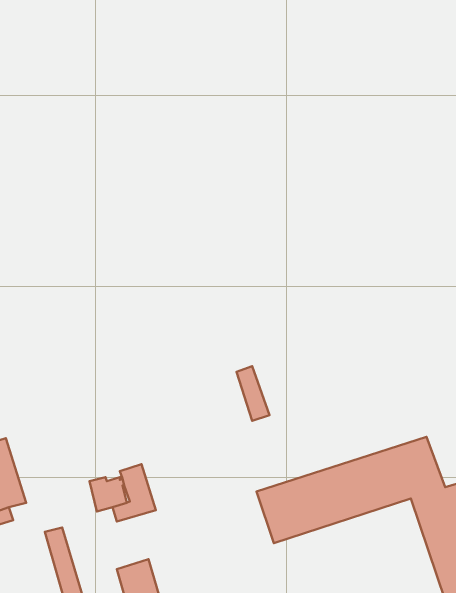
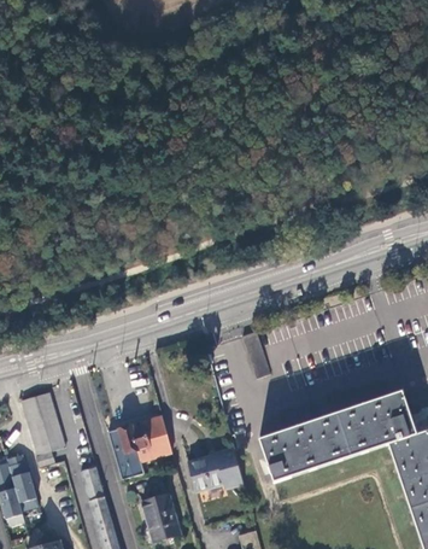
building: none -> [110,427,145,478]
building: none -> [187,448,242,491]

